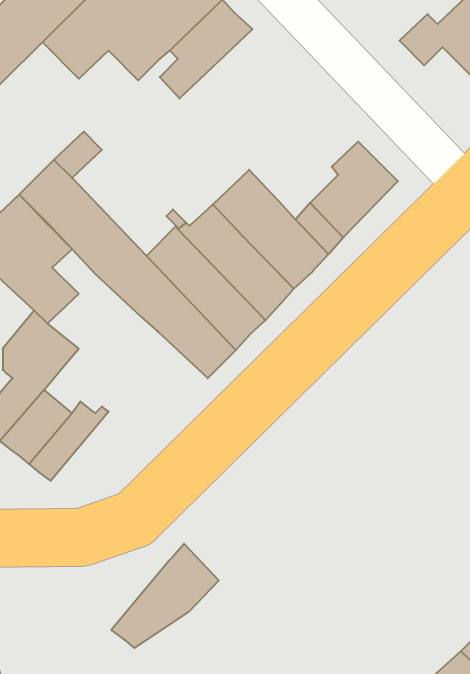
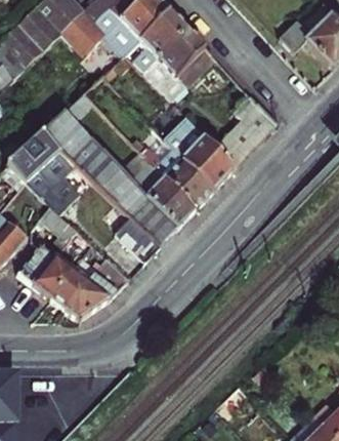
building: none -> [141,29,213,102]
building: none -> [108,207,159,260]
building: [111,544,219,648] -> [61,255,128,320]

